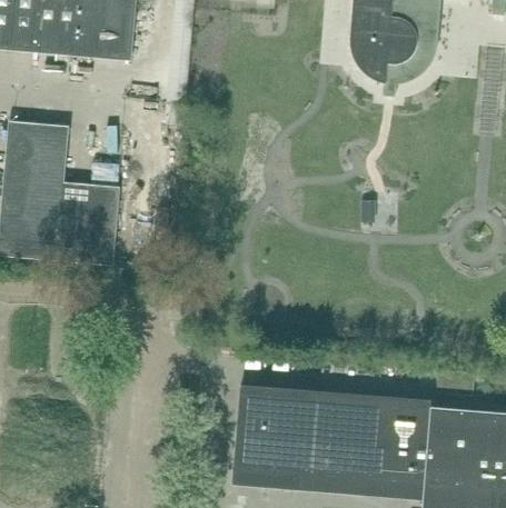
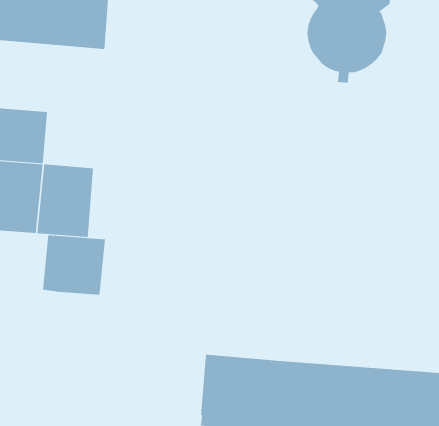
building: none -> [42,234,106,296]

